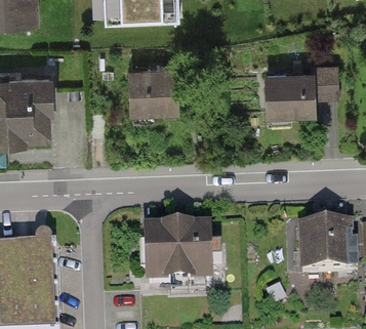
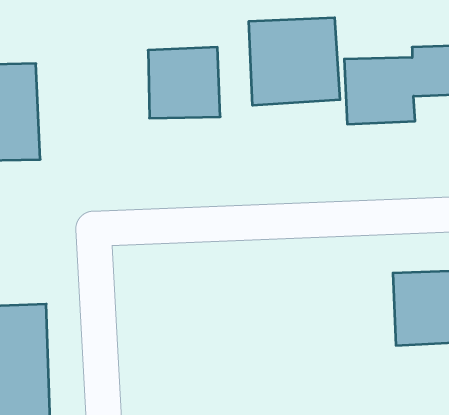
building: none -> [249,18,340,105]
building: [139,221,212,282] -> none

